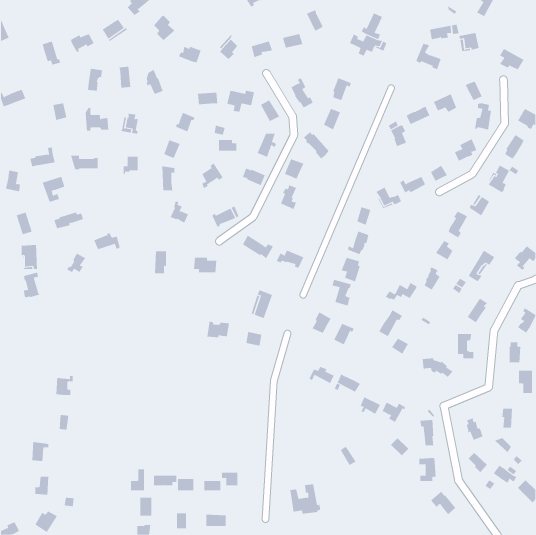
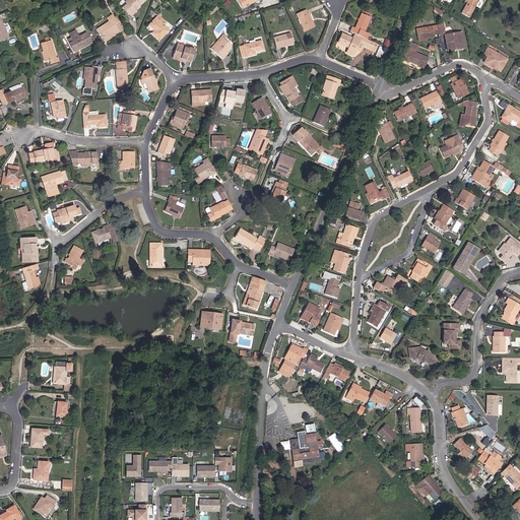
building: none -> [279,343,308,376]
building: [290,484,321,514] -> [290,433,321,462]

